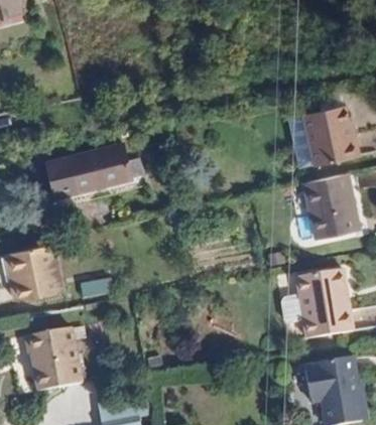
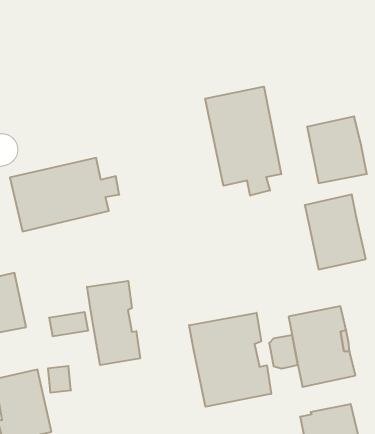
building: none -> [205,87,281,196]
building: none -> [87,281,140,365]
building: none -> [189,313,271,407]

